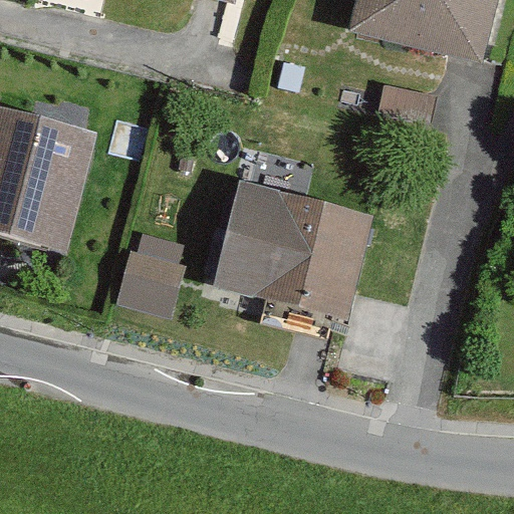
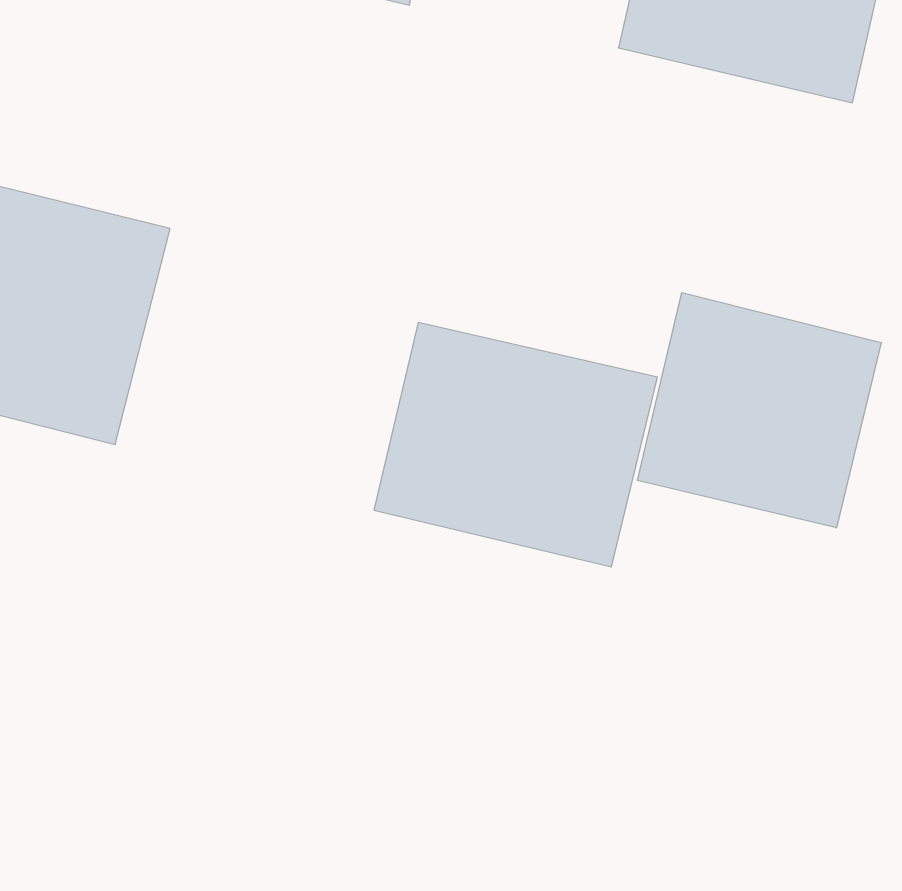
building: none -> [638,293,881,528]
building: [115,230,185,314] -> none

